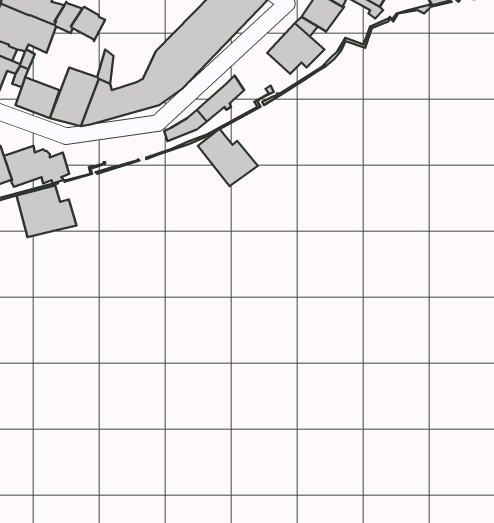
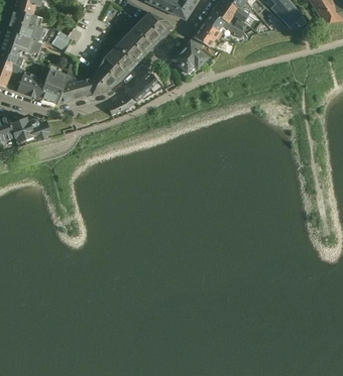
building: [198,129,258,186] -> none
building: [16,185,77,237] -> none

